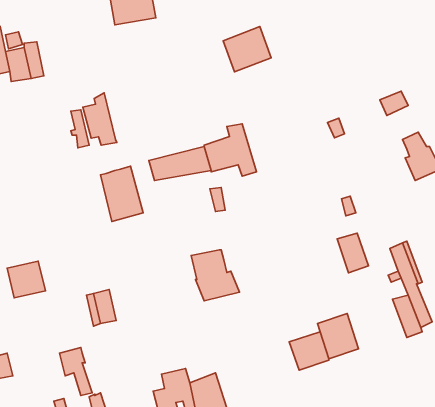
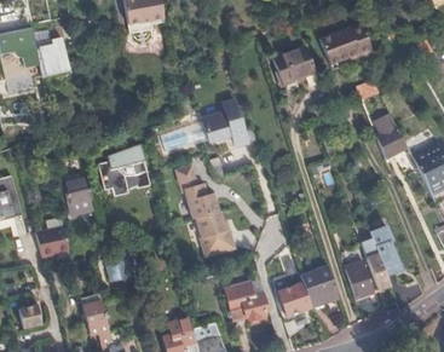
building: none -> [321,22,373,63]
building: [223,27,271,72] -> [275,45,316,83]
building: [83,93,117,145] -> [99,151,128,196]
building: none -> [178,168,219,221]
building: none -> [63,177,92,204]
building: [337,233,368,273] -> [346,264,373,298]
building: none -> [227,284,269,323]

